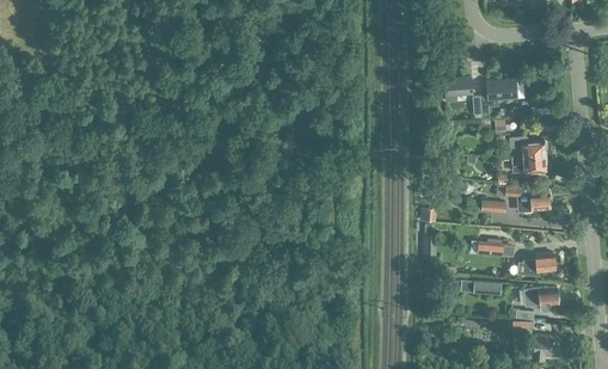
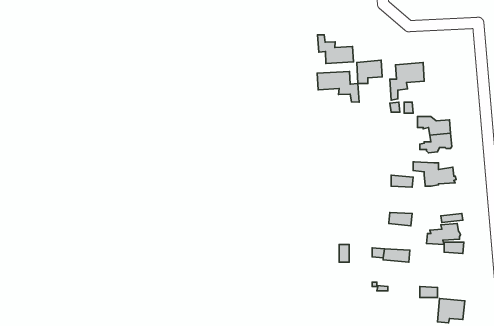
building: none -> [318,35,354,63]
building: none -> [317,72,359,102]
building: [522,288,558,310] -> none

